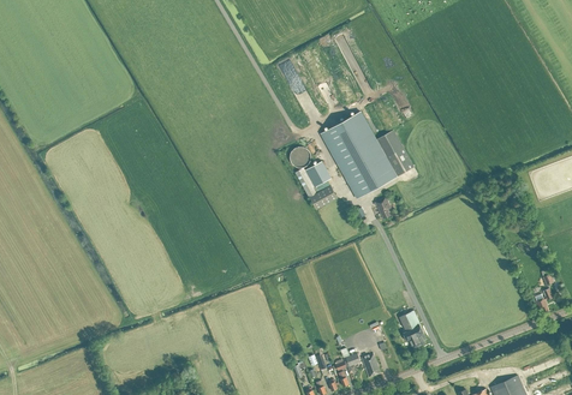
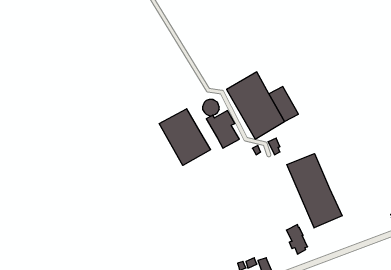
building: none -> [159,109,211,165]
building: none -> [287,154,342,228]

